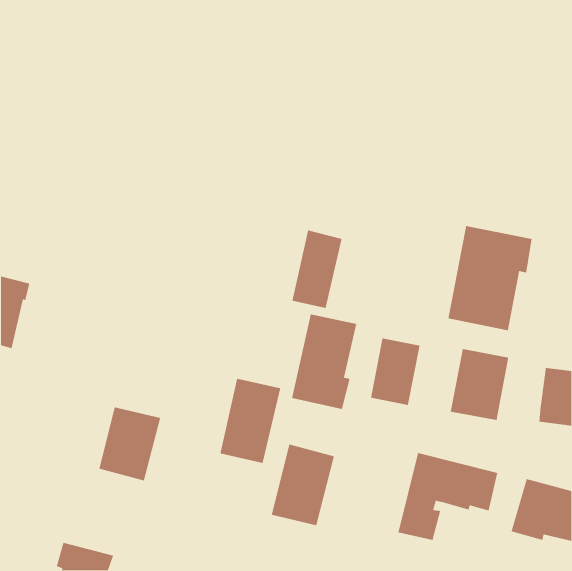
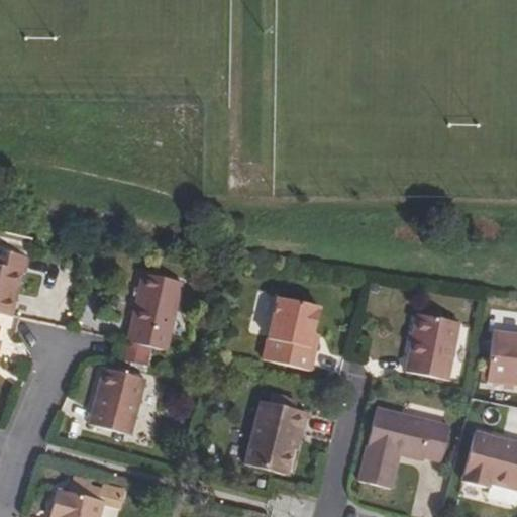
building: [447,225,533,331] -> none
building: [291,229,343,309] -> none
building: [370,338,420,406] -> none
building: [220,378,281,464] -> [127,273,183,350]

